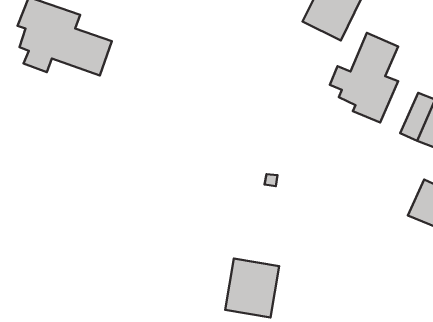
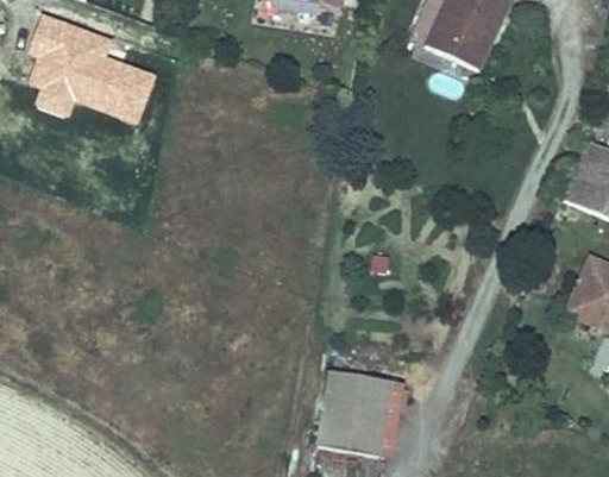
building: [330,33,398,122] -> none

